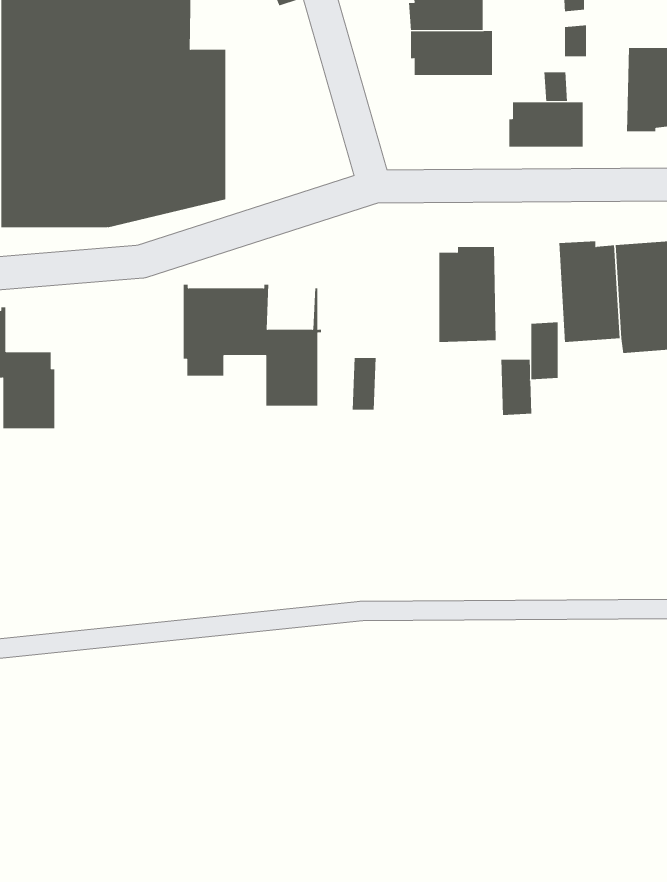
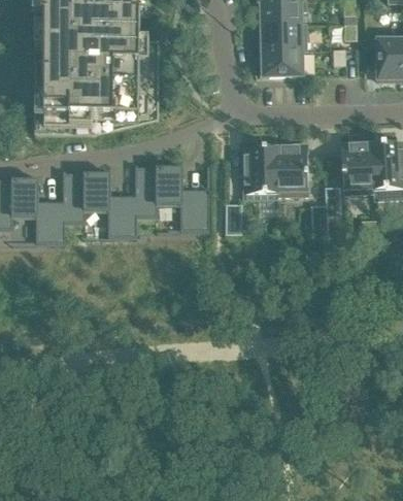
building: [508,102,583,147] -> [259,49,300,74]
building: none -> [242,146,274,199]
building: none -> [62,170,136,237]

